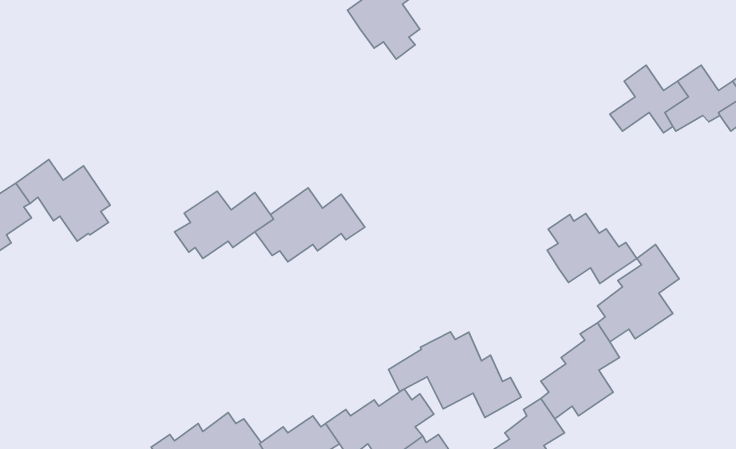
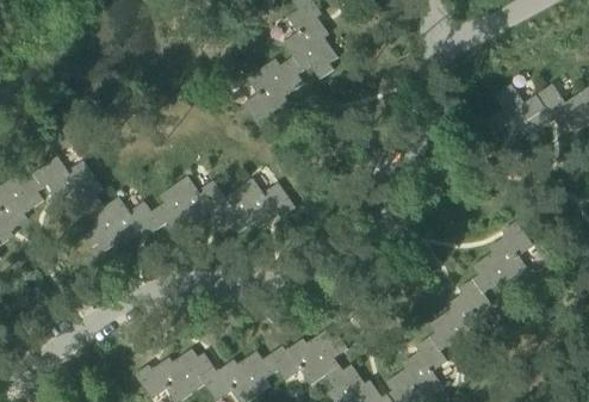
building: none -> [242,57,304,129]
building: [547,213,637,284] -> none
building: none -> [81,198,162,253]
building: [389,332,521,417] -> none

